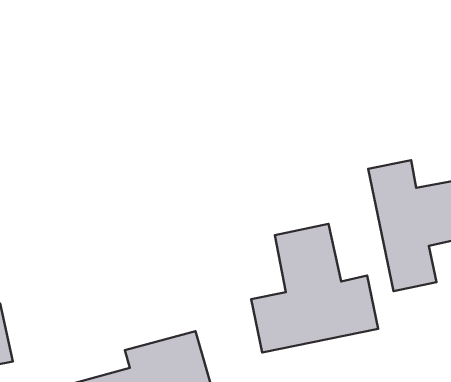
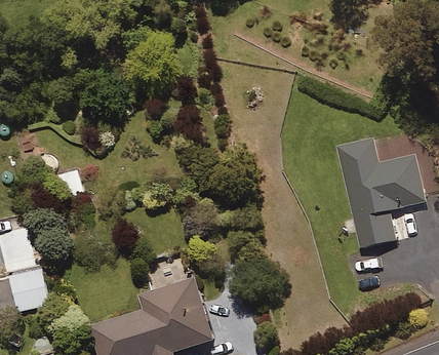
building: [251,224,378,353] -> none

